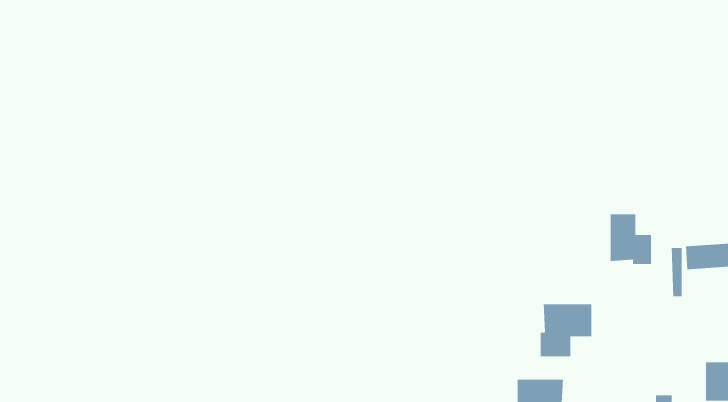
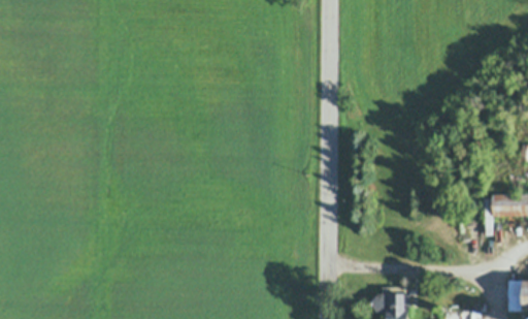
building: [610,214,652,265] -> none
building: [540,304,592,357] -> none

